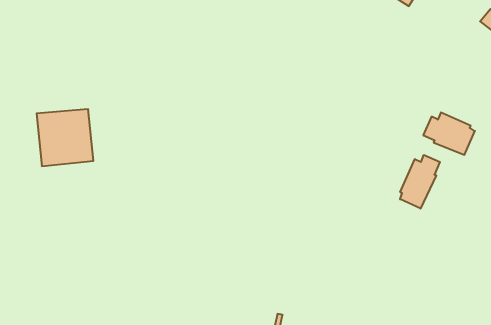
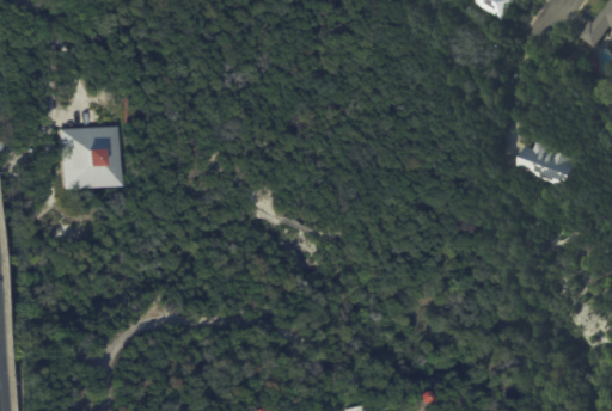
building: [400,155,440,209] -> none

